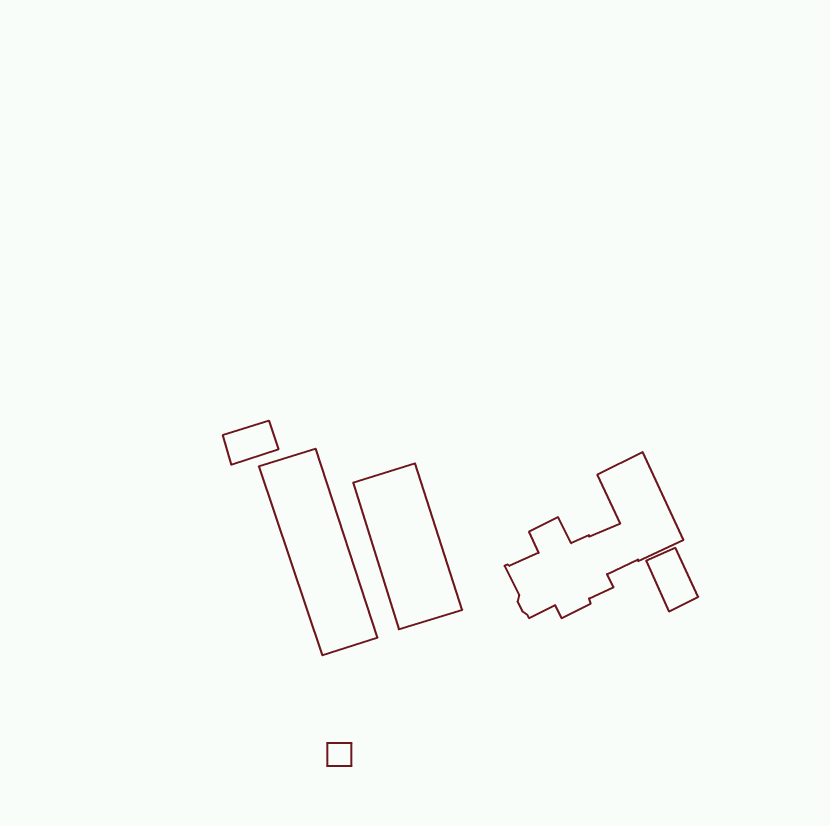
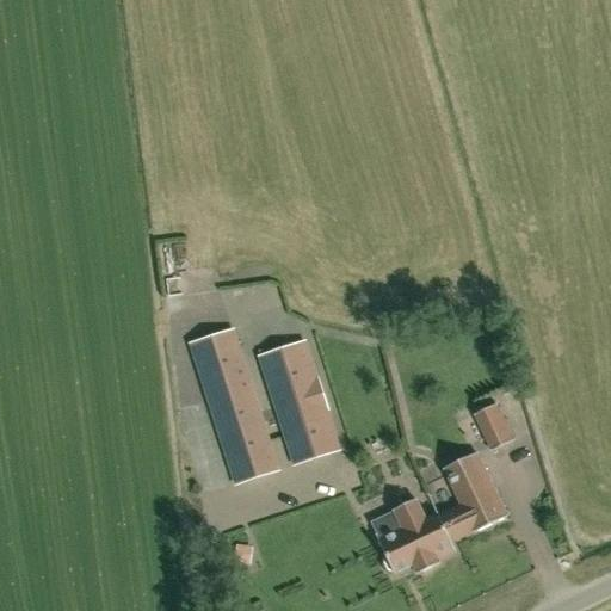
building: [223,421,278,465] -> none
building: [504,452,683,618] -> [375,450,506,572]

